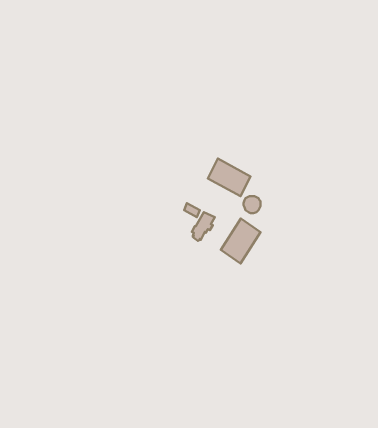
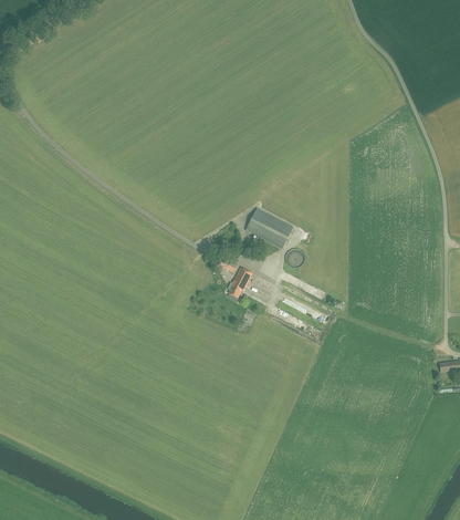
building: [221,219,261,263] -> none

